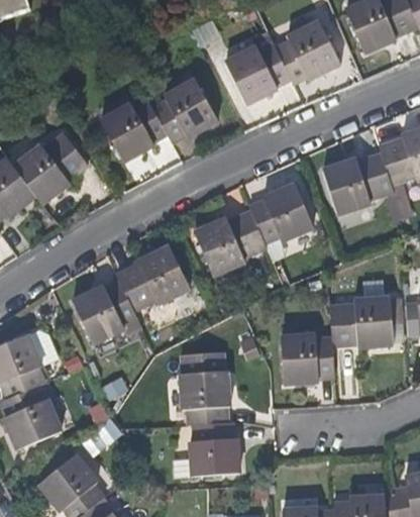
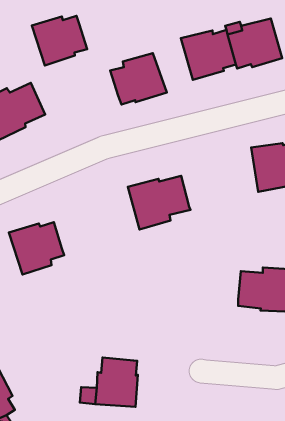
building: [101,100,166,160] -> [32,16,87,65]
building: [246,183,311,243] -> none
building: [114,247,187,311] -> none
building: [281,331,336,382] -> none
building: [180,352,229,424] -> none

